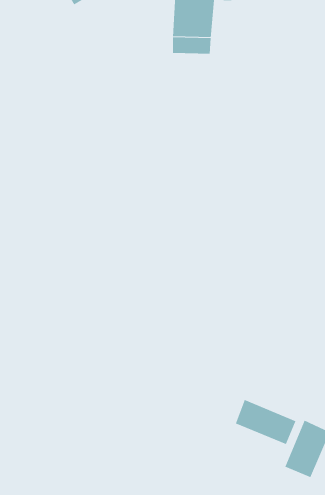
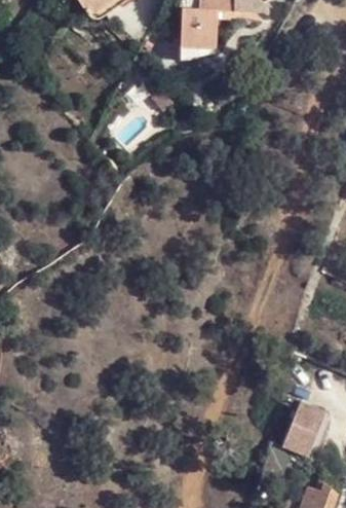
building: [235,399,296,445] -> none

